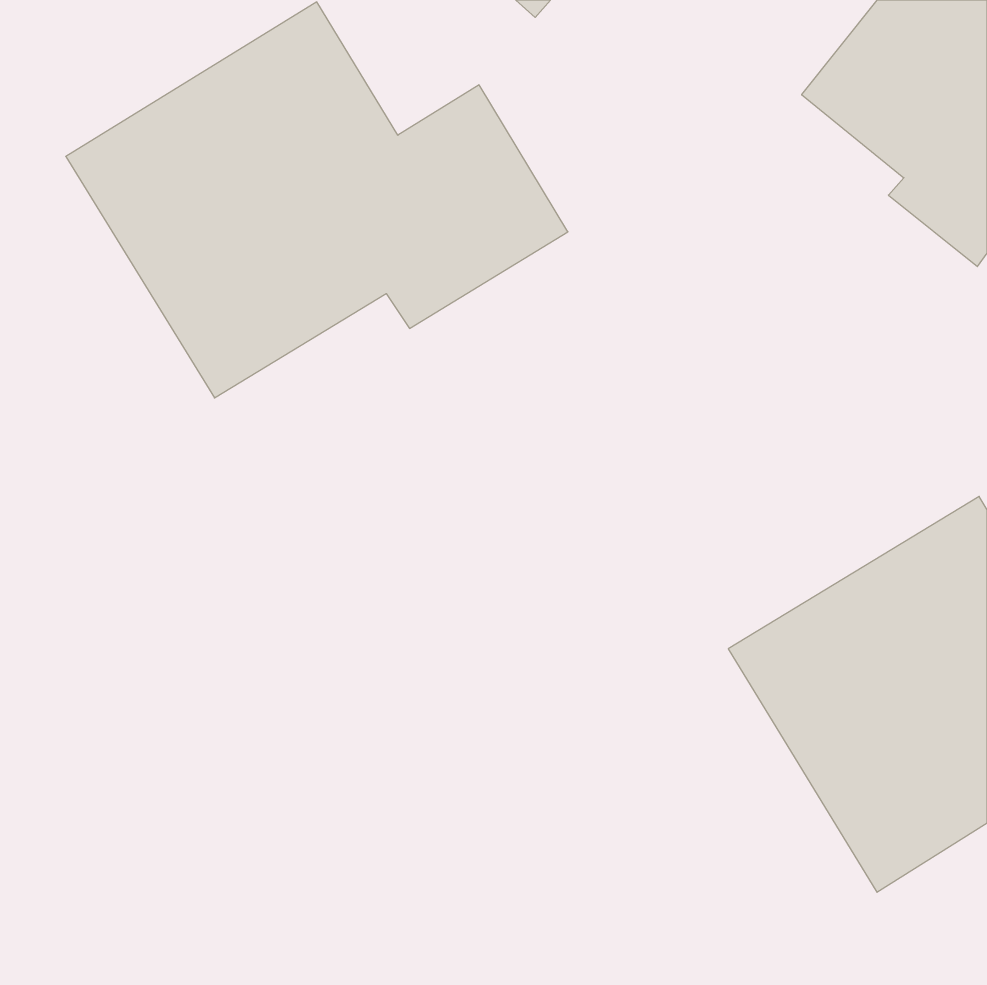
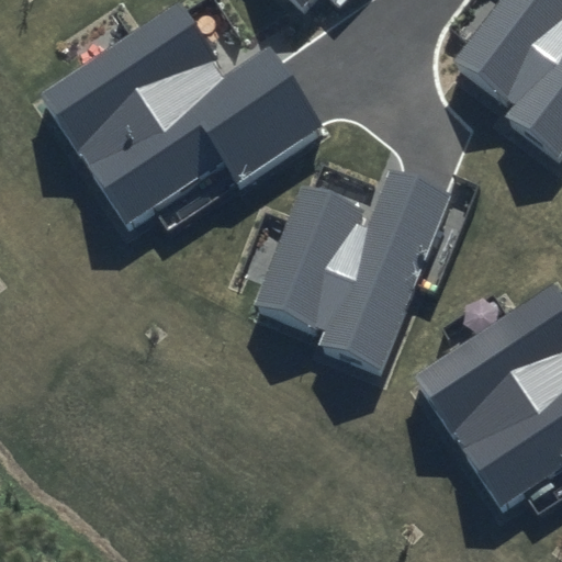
building: none -> [260,180,453,372]

